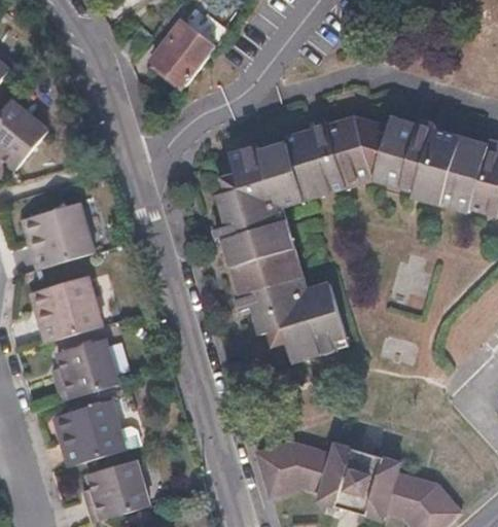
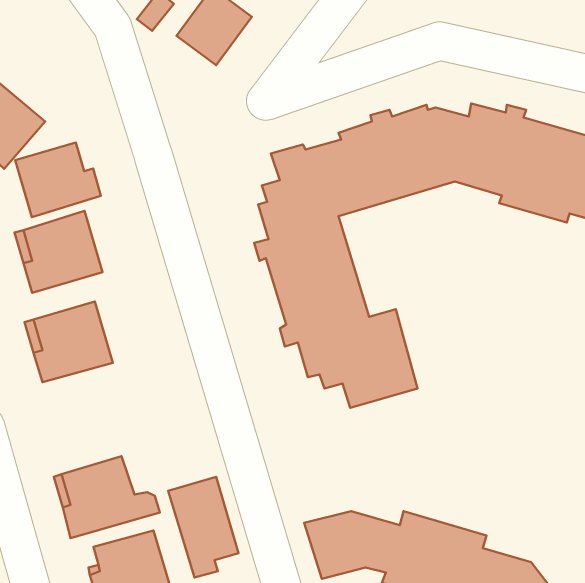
building: none -> [15,142,101,217]
building: [54,339,116,400] -> none
building: none -> [168,477,238,578]

